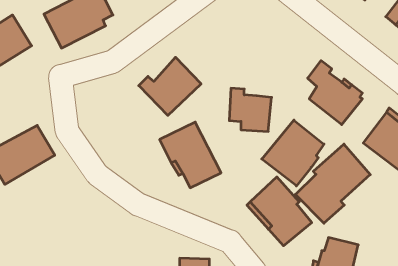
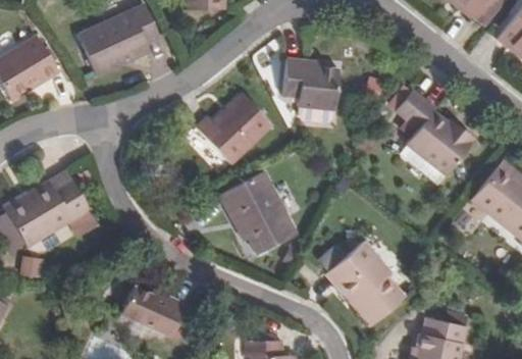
building: [229,88,272,131] -> [288,53,340,106]
building: [262,120,324,186] -> none
building: [295,144,370,223] -> none
building: none -> [121,288,187,339]

